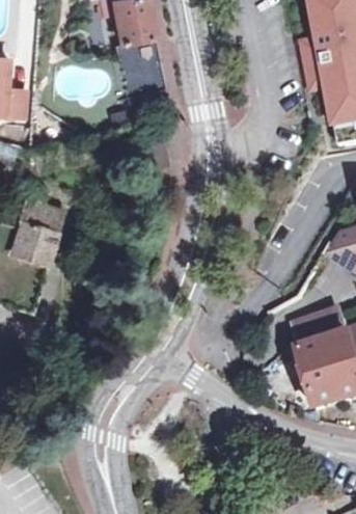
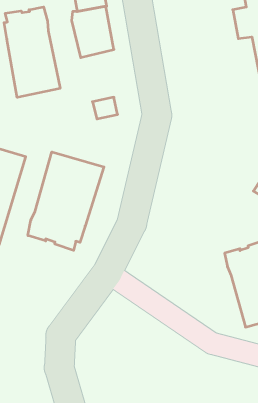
building: none -> [4,7,60,97]
building: none -> [28,152,104,250]

